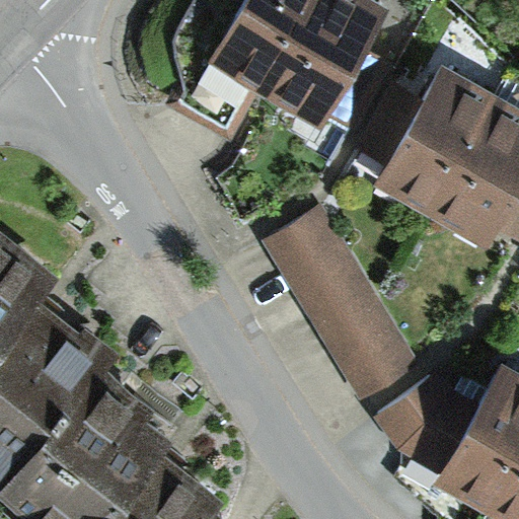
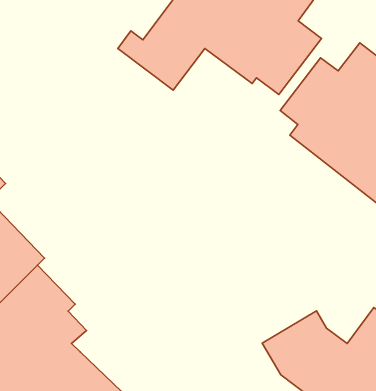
building: [267,213,413,400] -> none

